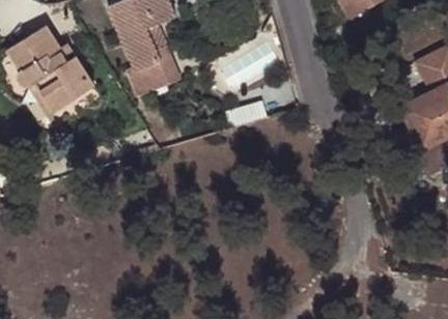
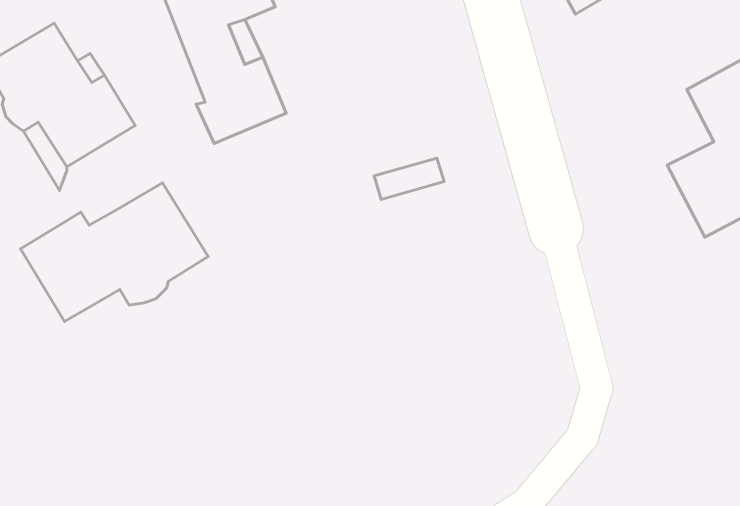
building: none -> [20,183,208,321]

